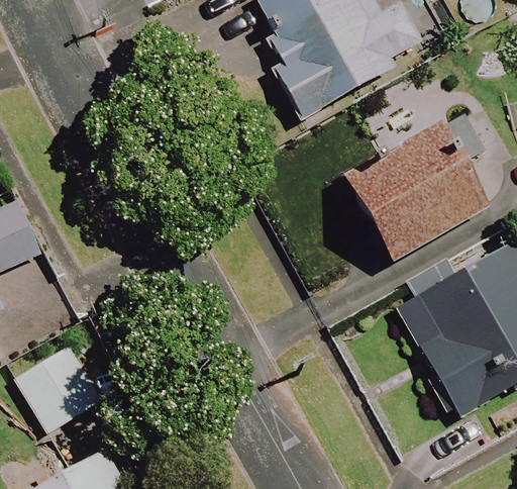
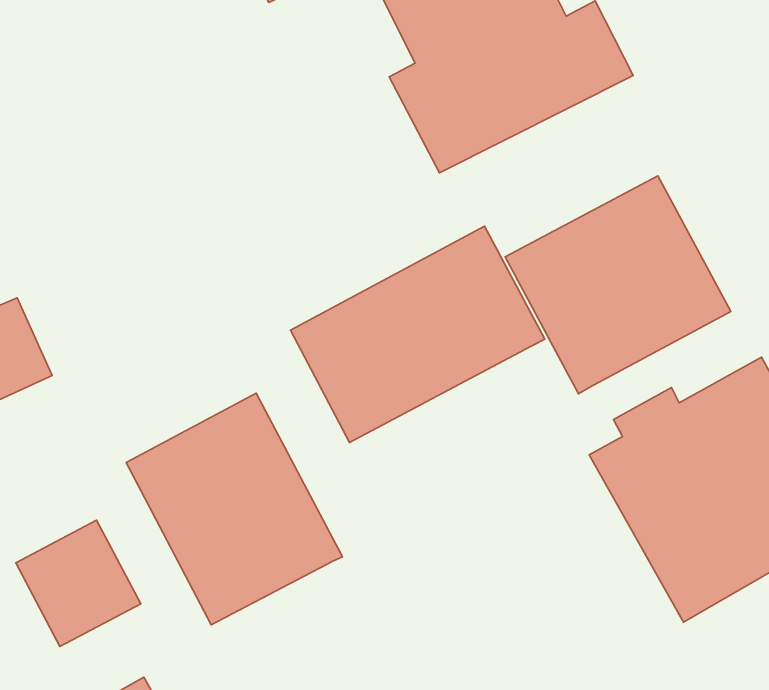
building: none -> [290,226,545,443]
building: none -> [126,393,342,625]

